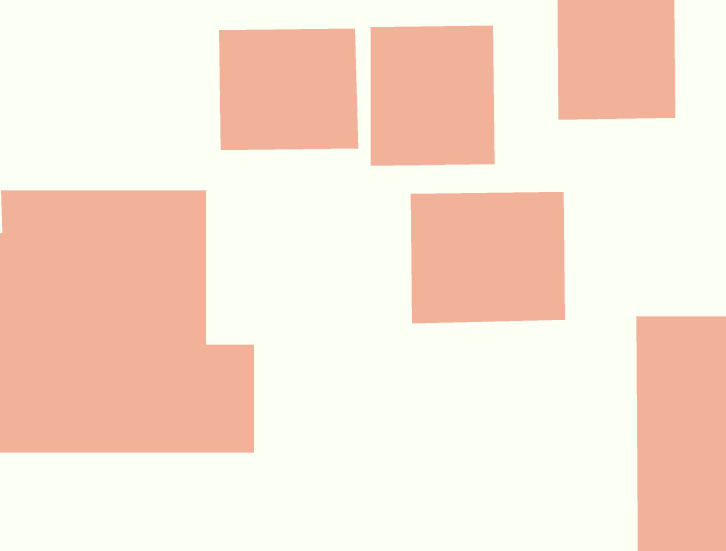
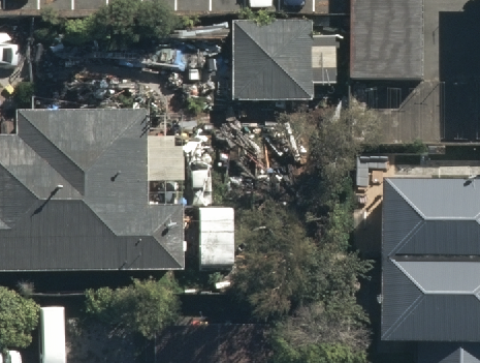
building: [218,28,359,151] -> none
building: [410,191,566,324] -> none

